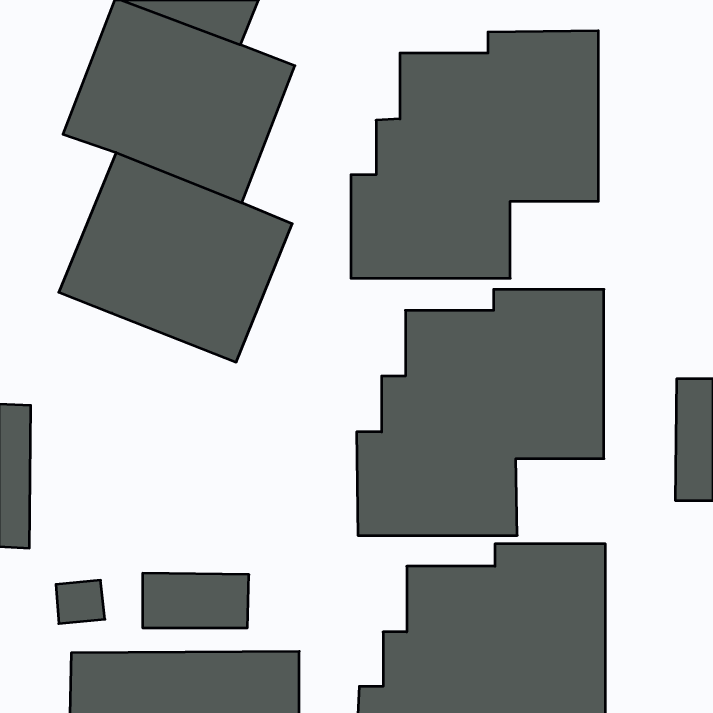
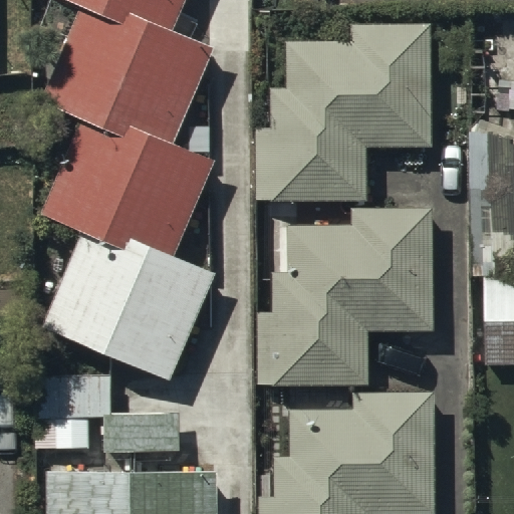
building: none -> [39,226,206,376]

